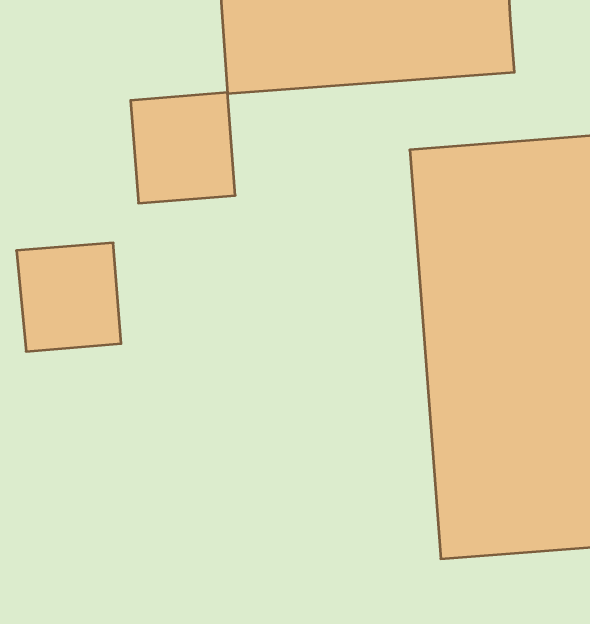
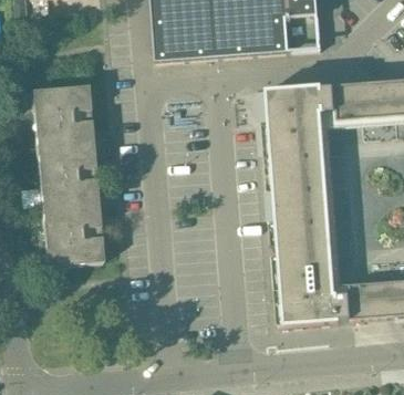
building: [131,93,235,203] -> [33,89,93,152]
building: none -> [43,205,102,268]

